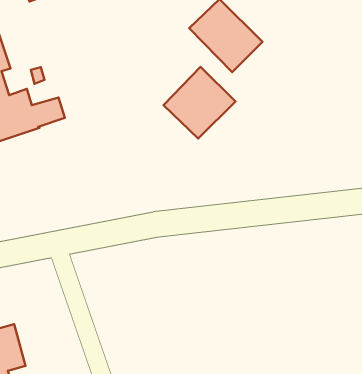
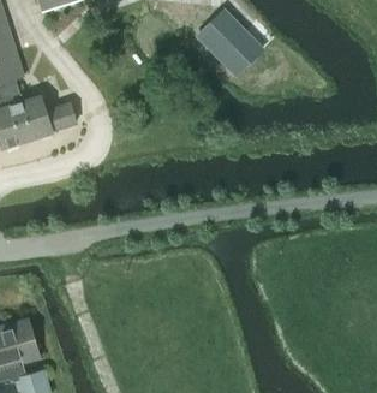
building: [164,67,235,139] -> none

